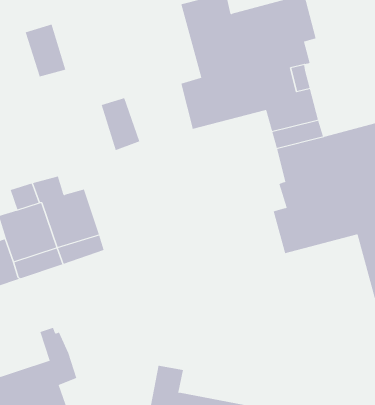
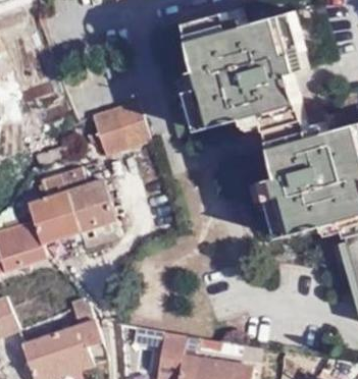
building: [25,24,66,77] -> [94,108,130,154]

